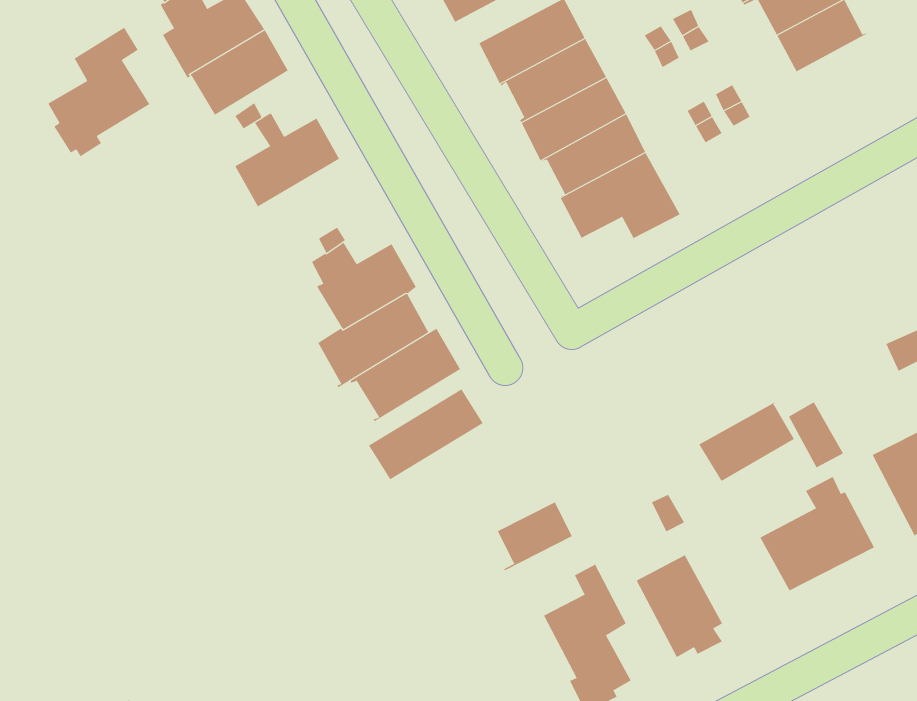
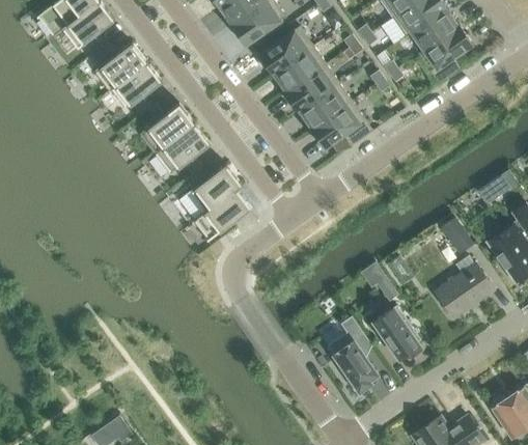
building: [47,27,150,157] -> none
building: none -> [424,25,473,85]
building: none -> [155,123,211,174]
building: [350,328,461,422] -> none
building: [368,388,483,480] -> none
building: [699,400,799,482] -> none
building: [497,501,572,571] -> none

